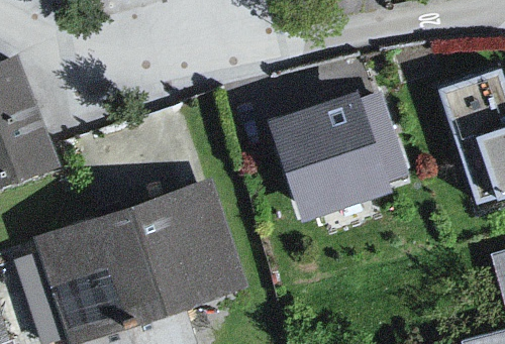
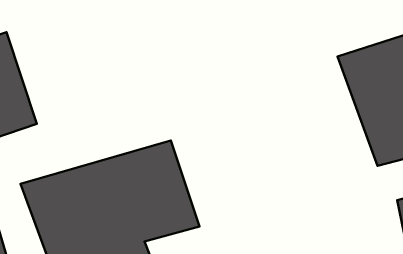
building: [264,92,411,219] -> none

